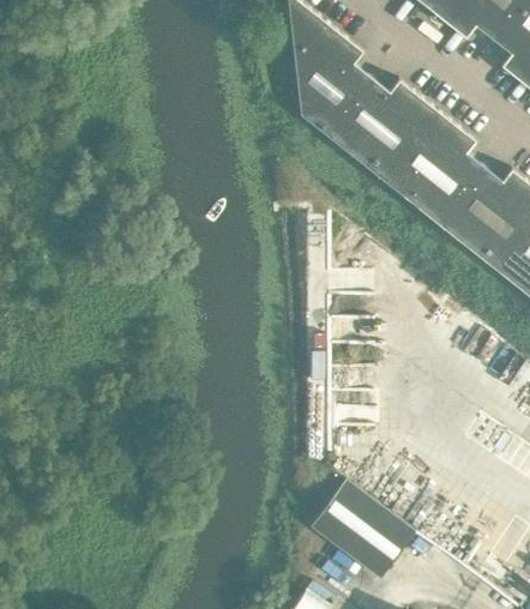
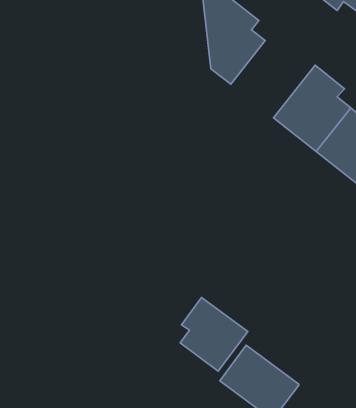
building: [326,78,438,180] -> none
building: none -> [180,297,248,371]

